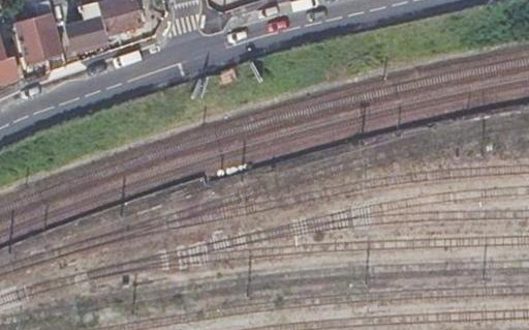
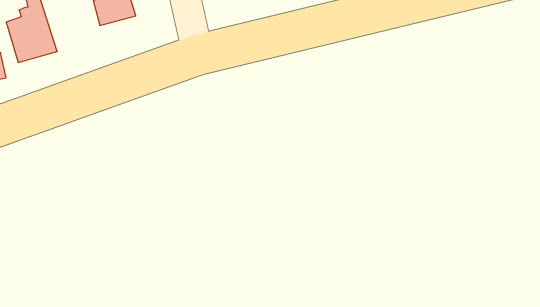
building: [66,13,108,44] -> none

